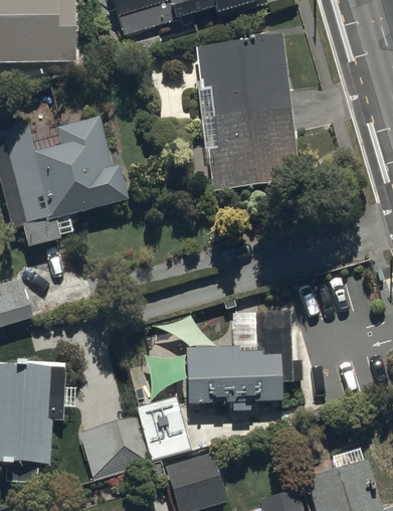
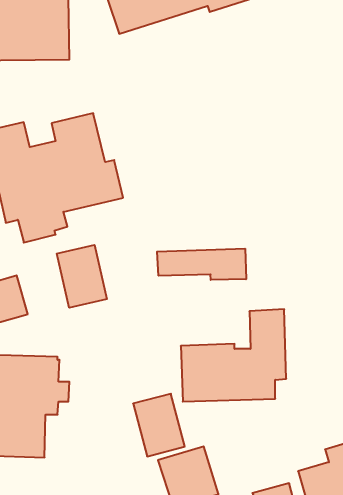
building: [195,31,300,189] -> none
building: none -> [57,245,107,308]
building: none -> [157,249,246,280]
building: [78,414,149,478] -> none

